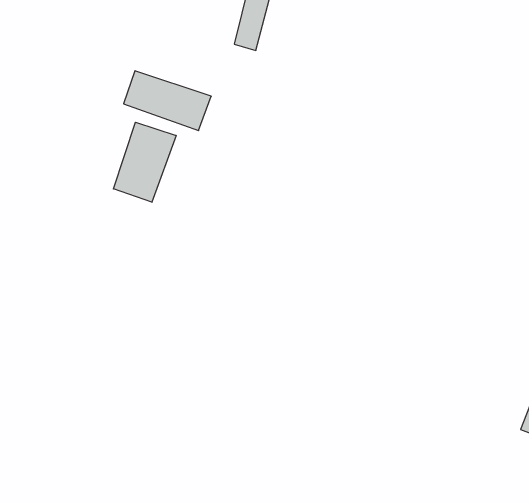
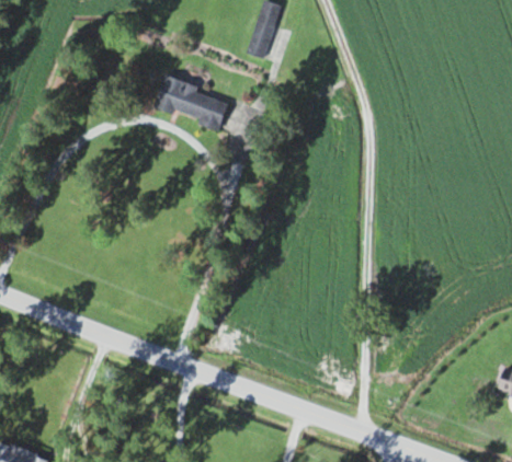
building: [113,122,176,202] -> none

